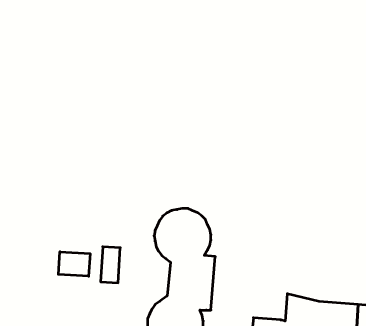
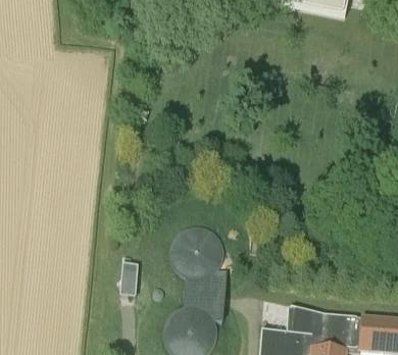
building: [58,252,90,276] -> none

